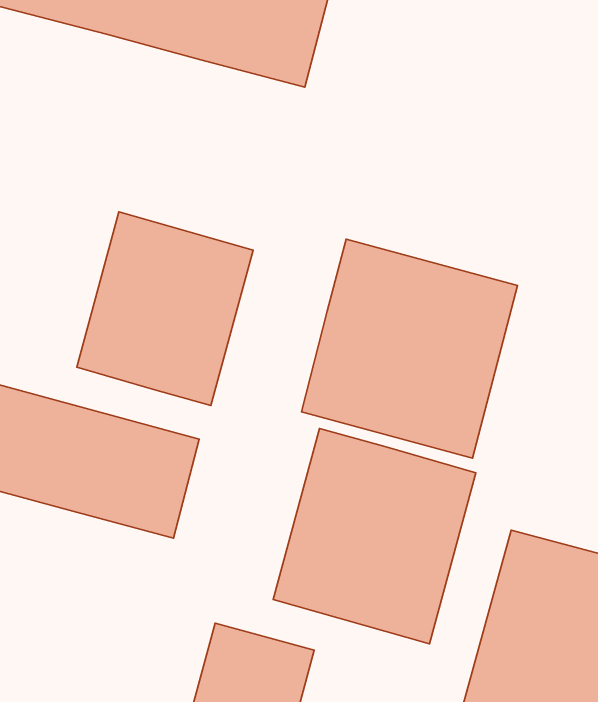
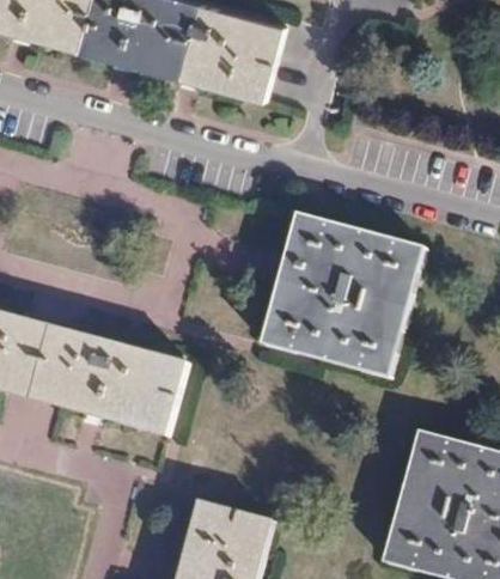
building: [77,212,253,405] -> none
building: [273,429,476,644] -> none

